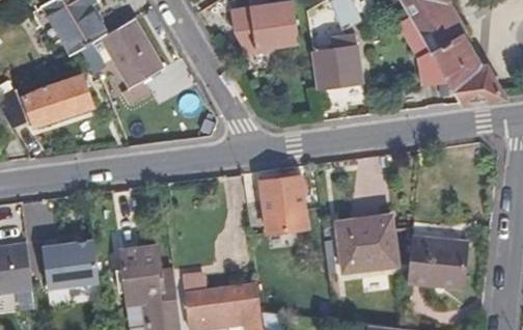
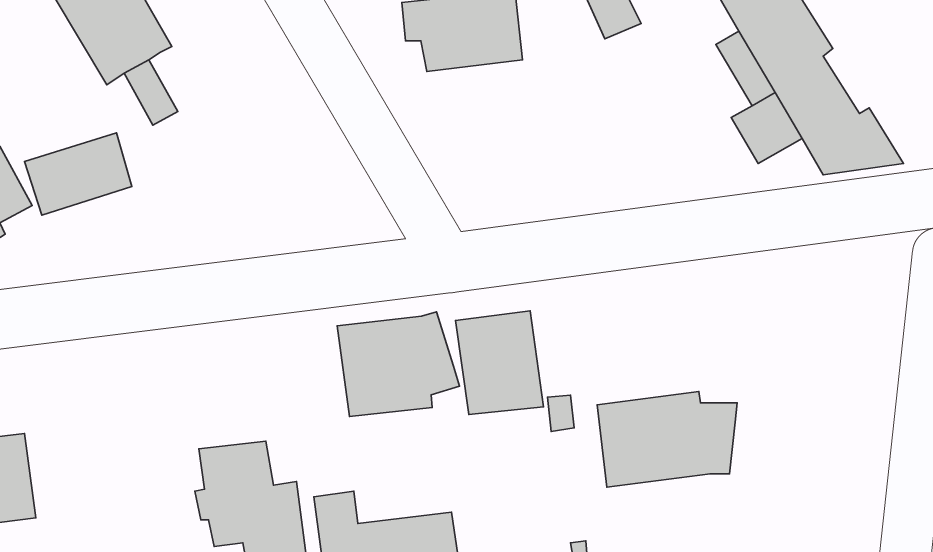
building: [100,17,164,103] -> none
building: [310,34,360,88] -> none
building: none -> [337,312,460,417]
building: [406,237,465,286] -> none
building: [42,239,99,287] -> none

